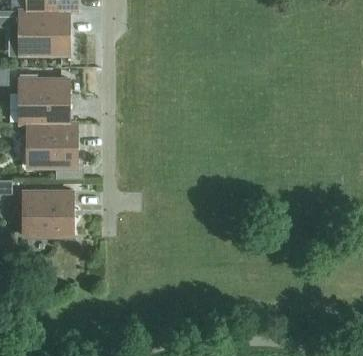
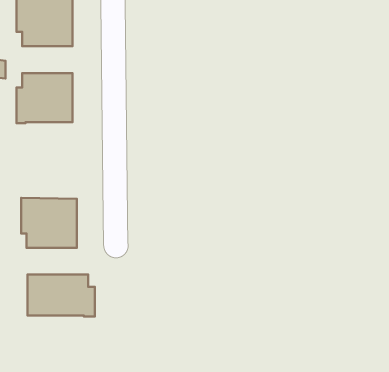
building: [26,122,76,166] -> none
building: none -> [27,275,95,317]

